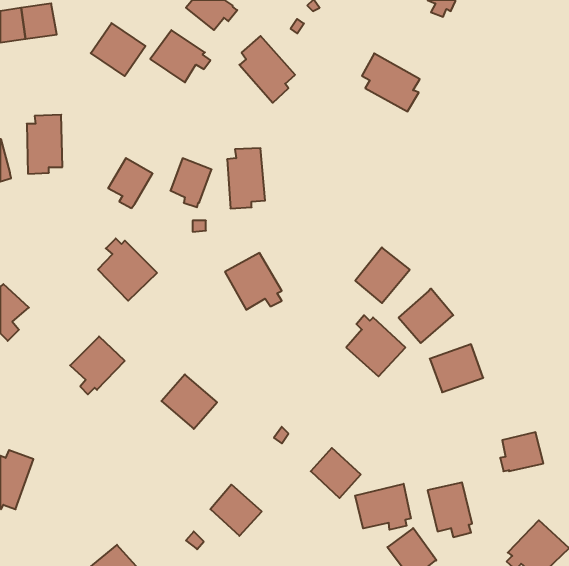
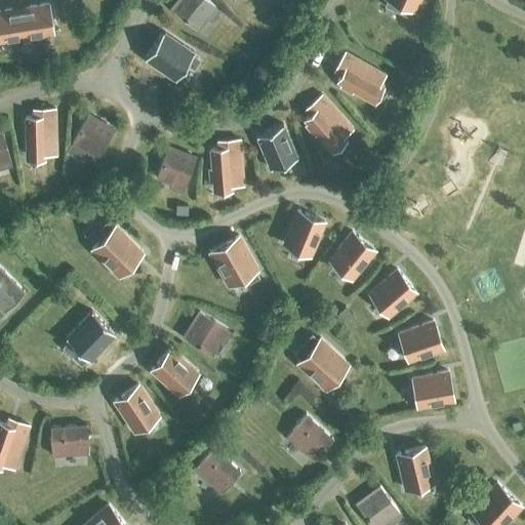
building: [91,23,145,76] -> none
building: [239,36,295,103] -> [302,94,354,156]
building: none -> [258,131,295,170]
building: [108,158,153,208] -> [72,117,113,163]
building: none -> [280,210,325,259]
building: [346,315,405,376] -> [295,335,350,392]
building: none -> [184,314,231,356]
building: none -> [112,385,161,436]
building: [500,432,543,471] -> [405,377,445,413]
building: none -> [50,428,89,459]
building: [355,484,411,530] -> none

